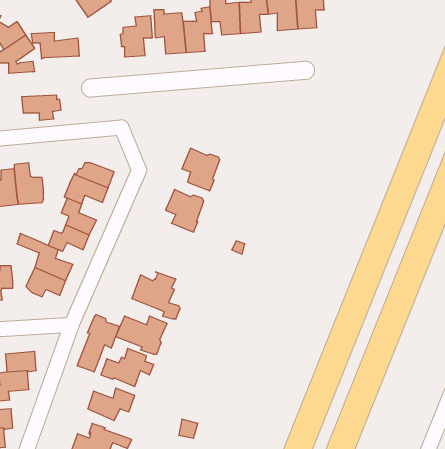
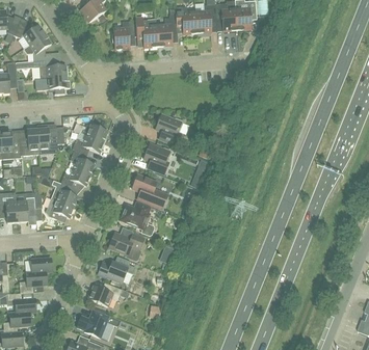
building: [31,32,80,59] -> [32,59,67,78]
building: none -> [132,173,167,208]
building: [77,314,119,372] -> none

